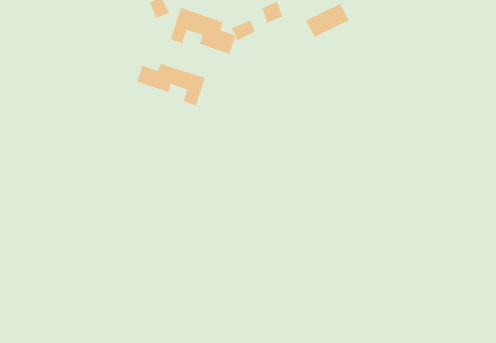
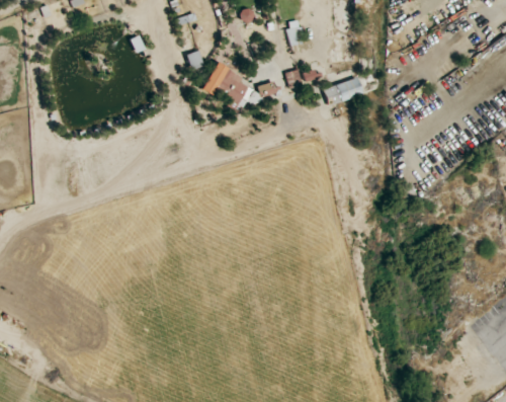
building: [136,63,206,106] -> none

